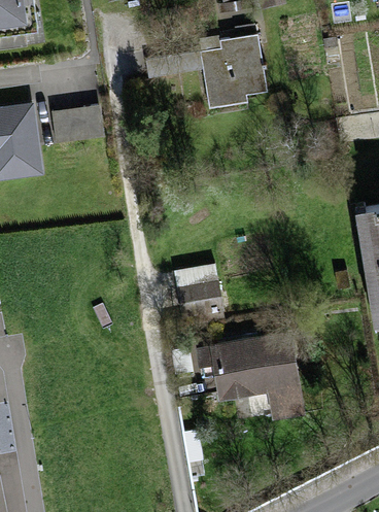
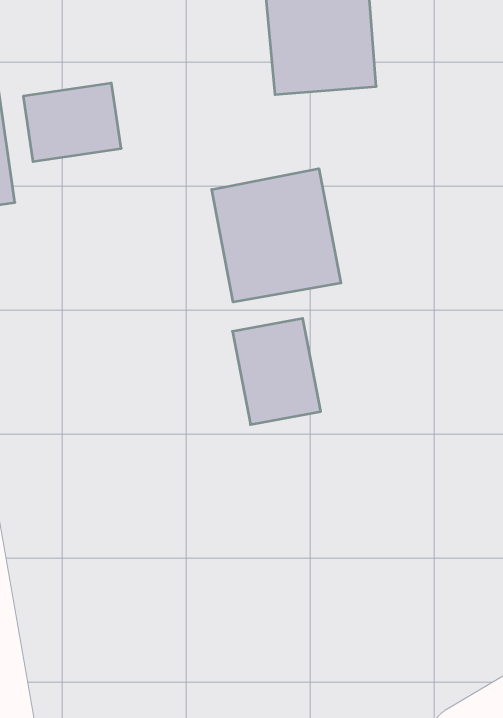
building: none -> [212,169,341,302]
building: [210,335,302,423] -> none

